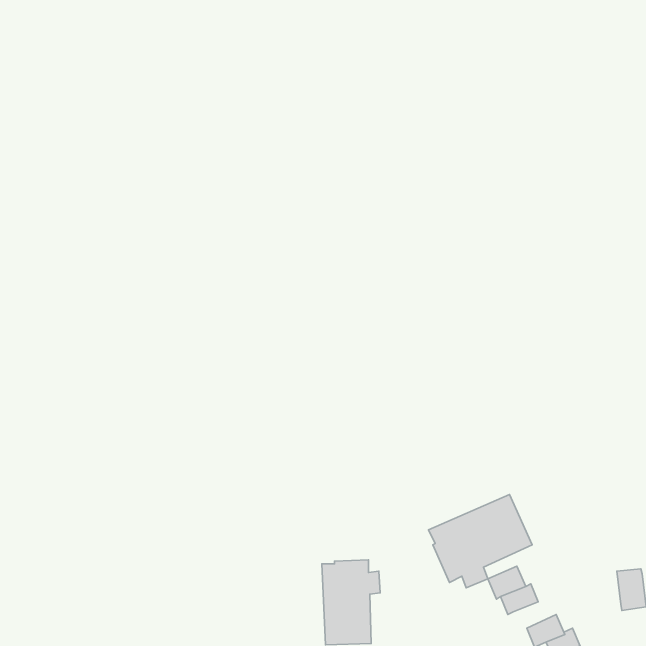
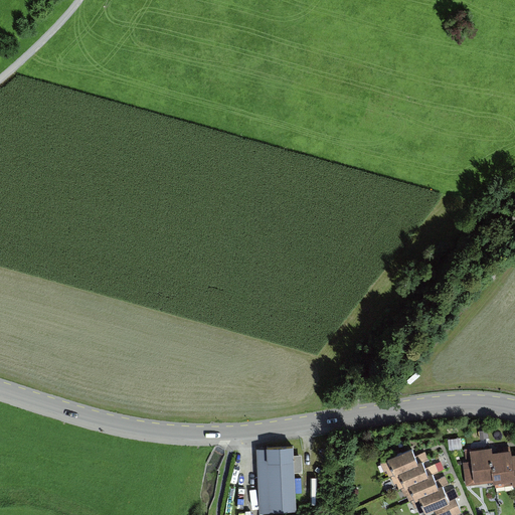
building: [429,495,532,588] -> none
building: none -> [470,450,493,483]
building: none -> [407,477,438,501]

